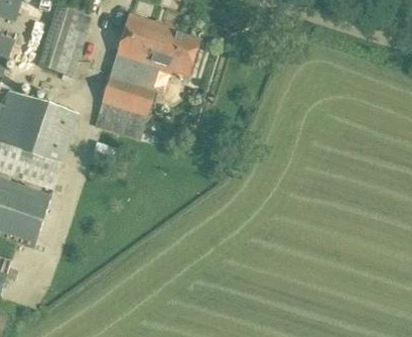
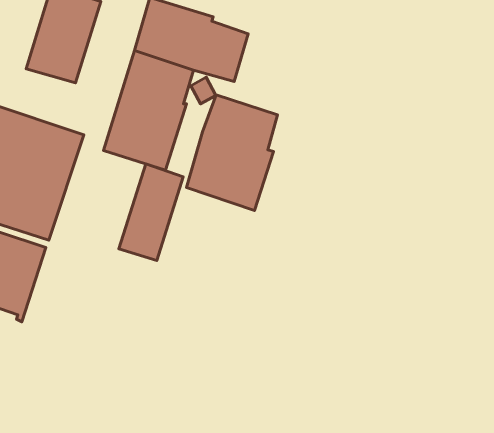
building: none -> [187,95,277,210]
building: none -> [119,164,183,261]

